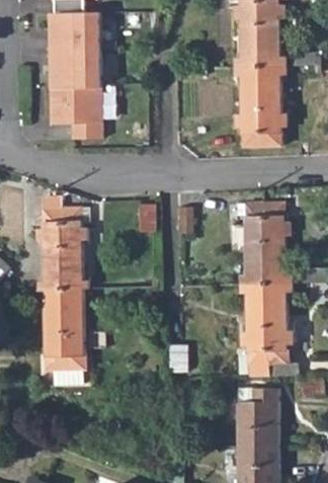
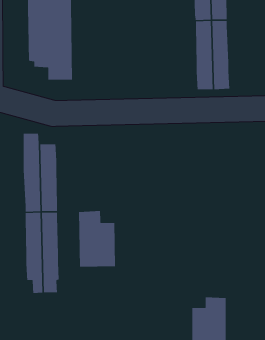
building: [239,205,294,364] -> none
building: none -> [78,210,116,268]

